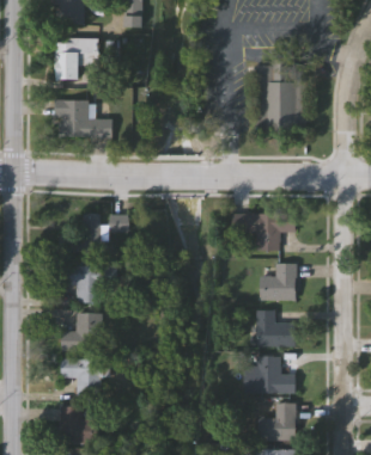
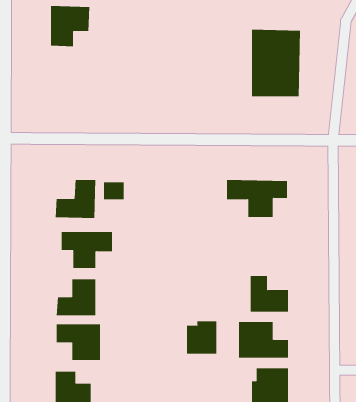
building: [55,100,110,137] -> none
building: [260,265,296,301] -> none
building: none -> [187,321,217,355]

